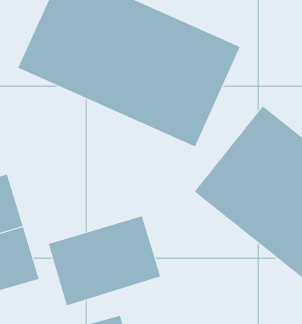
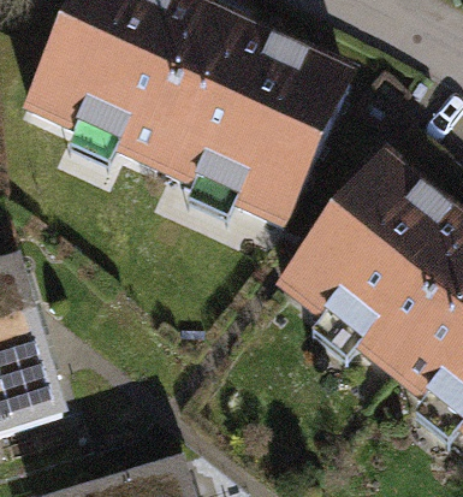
building: [48,215,161,306] -> none

